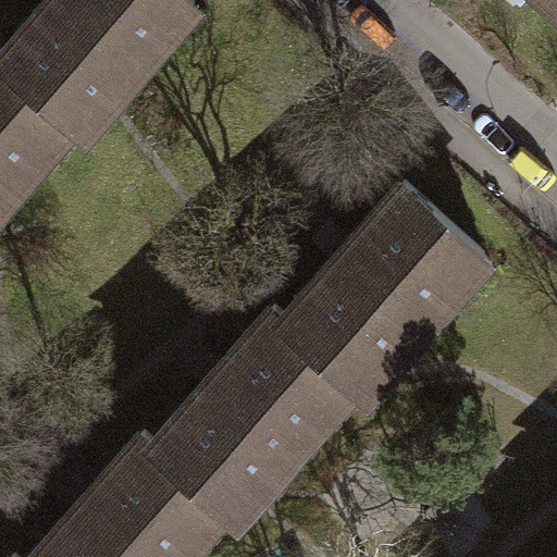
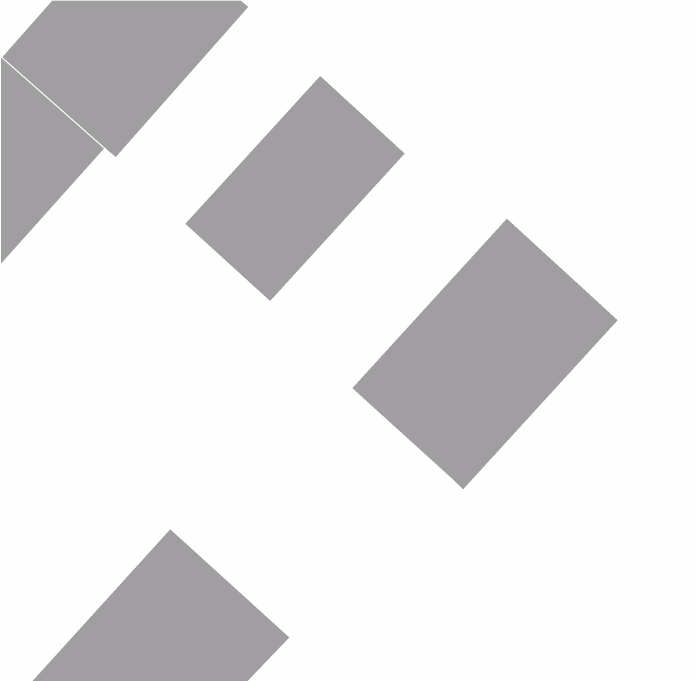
building: none -> [184,75,406,302]
building: [147,311,361,528] -> none

